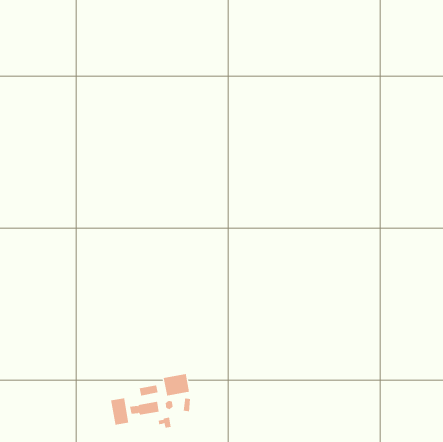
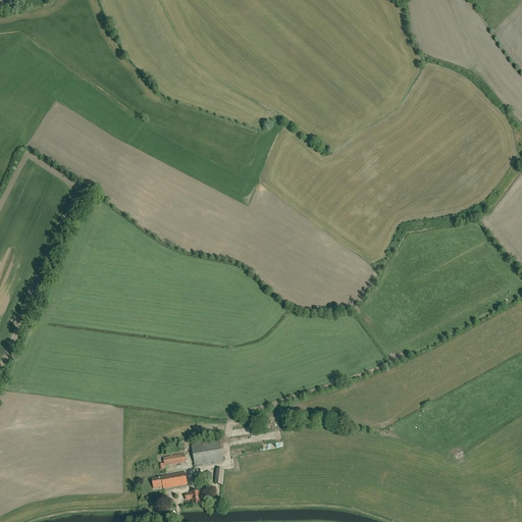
building: [111,397,129,426] -> none

